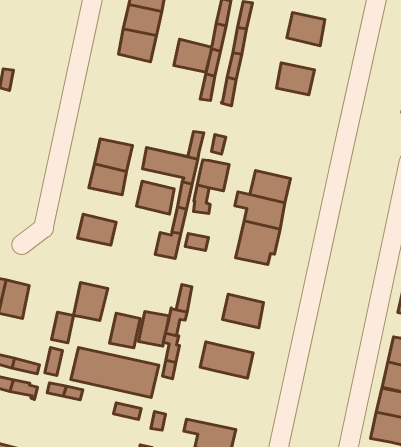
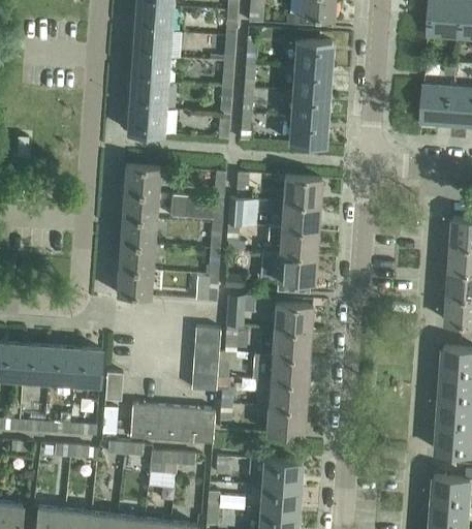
building: none -> [293,65,329,93]
building: [174,39,212,72] -> [128,105,163,134]
building: none -> [290,117,325,145]
building: none -> [124,165,159,194]
building: none -> [283,176,321,205]
building: [137,181,174,214] -> [118,244,153,273]
building: none -> [226,293,245,326]
building: none -> [274,303,312,332]
building: [74,282,108,320] -> [72,348,102,383]
building: [110,313,140,348] -> [193,326,220,359]
building: none -> [270,354,309,383]
building: none -> [266,406,305,435]
building: none -> [150,450,178,474]

